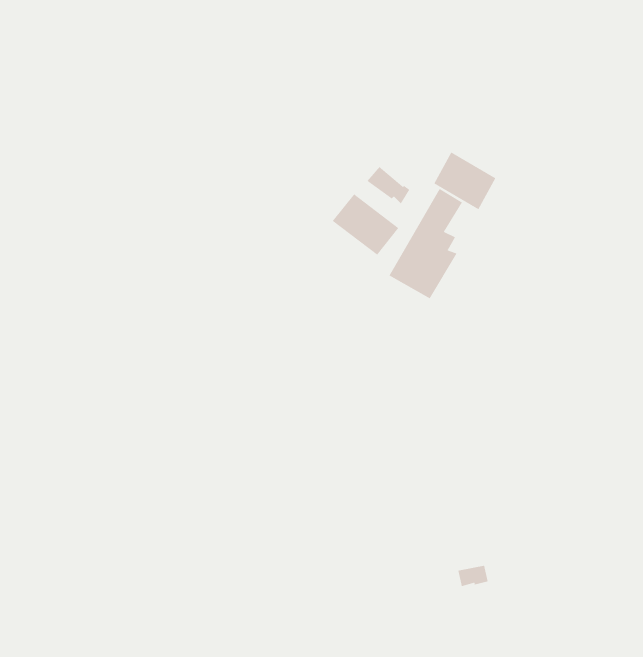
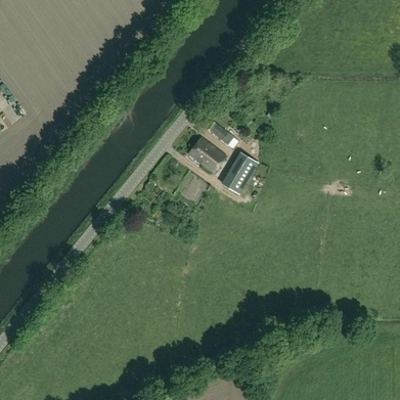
building: [433,152,496,210] -> none

